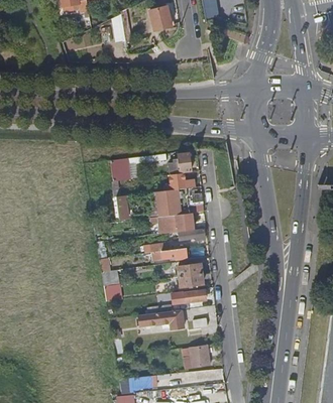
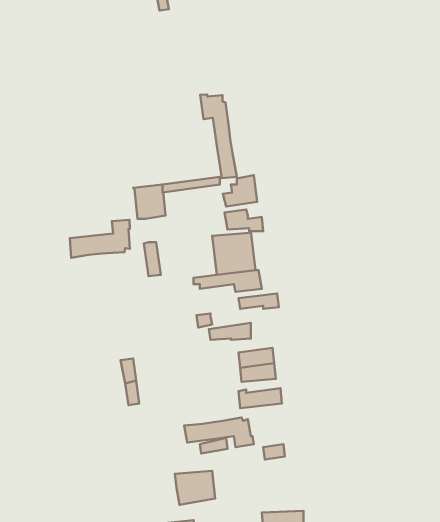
building: none -> [200,95,237,178]
building: none -> [70,220,130,258]
building: [184,346,210,368] -> [175,471,215,505]

